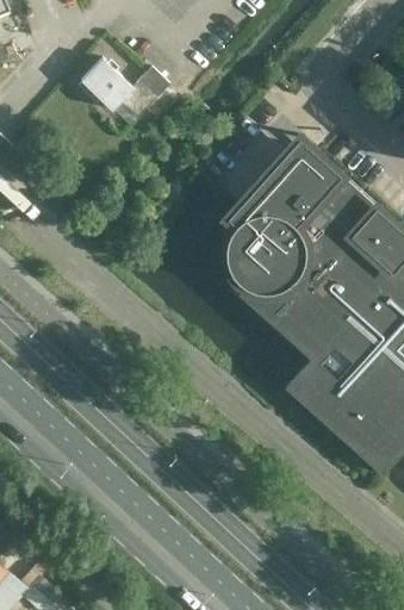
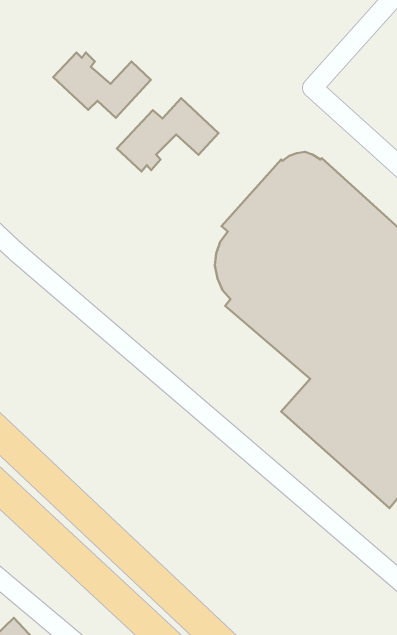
building: none -> [117,98,218,171]

